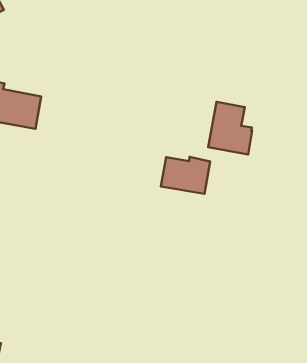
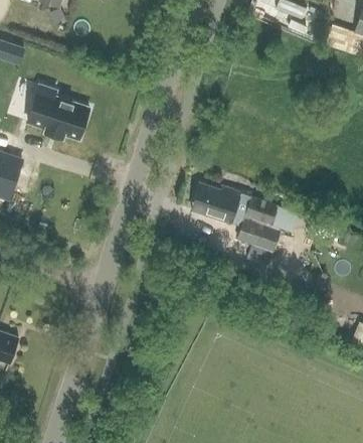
building: [208,102,252,154] -> [235,197,280,252]

